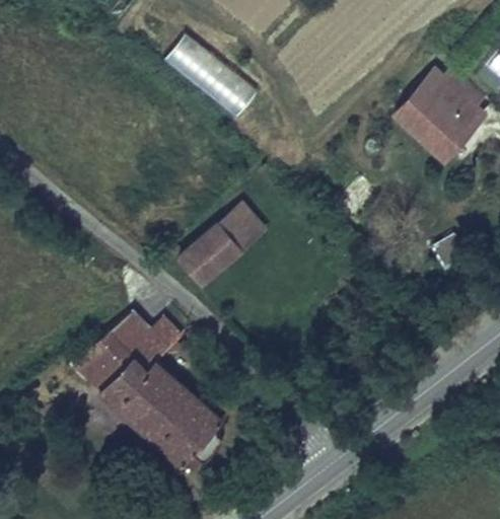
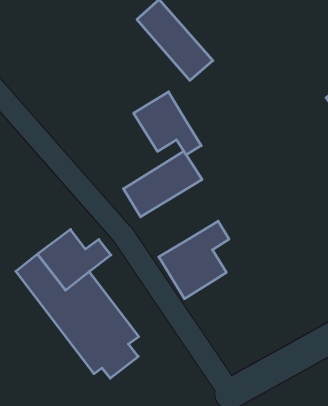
building: none -> [134,92,201,155]
building: none -> [159,221,229,299]

